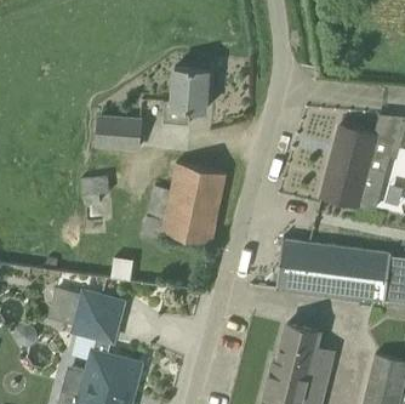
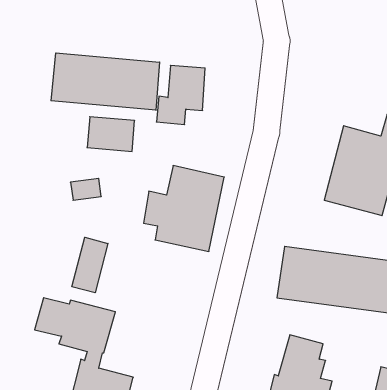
building: none -> [51,53,160,110]
building: none -> [72,237,108,293]

